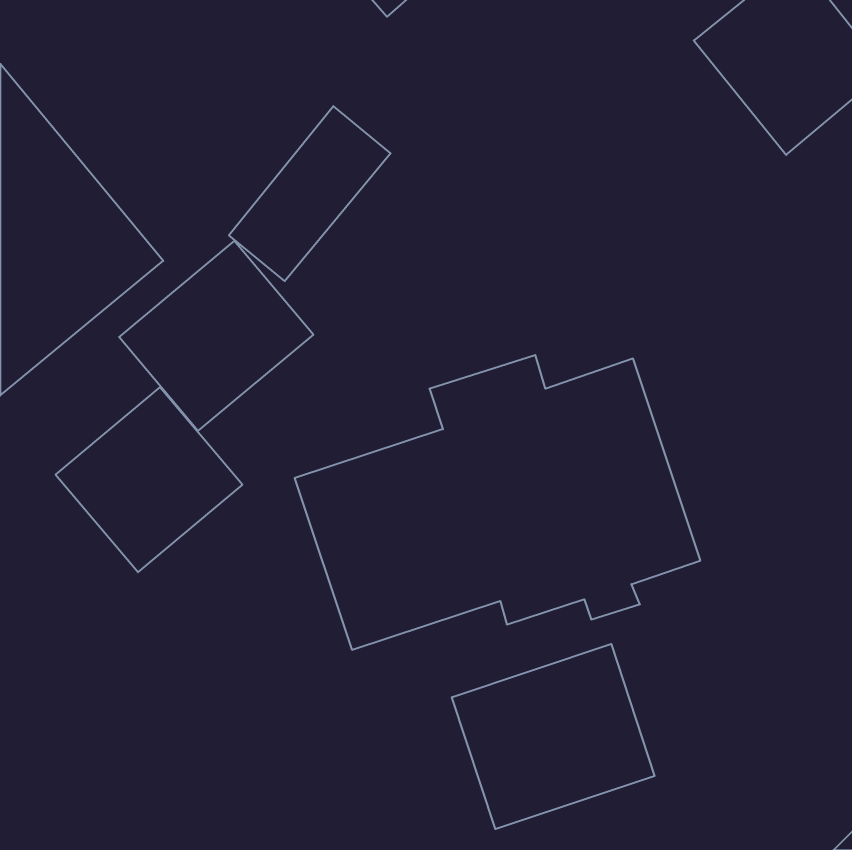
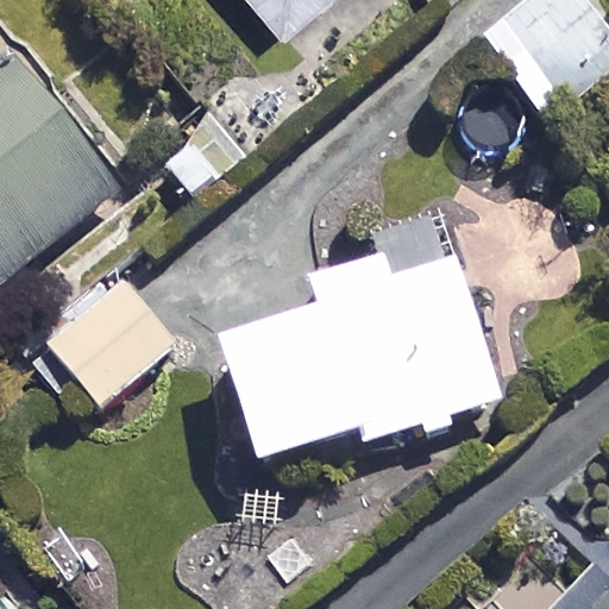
building: [119,241,313,431] -> none
building: [452,644,655,829] -> none

